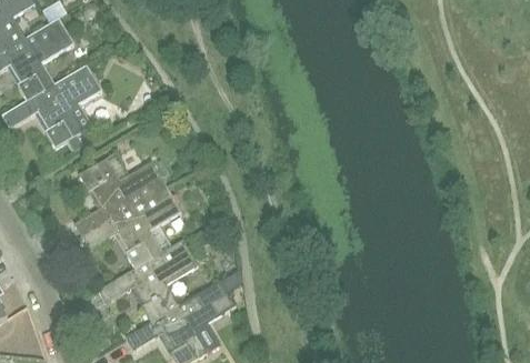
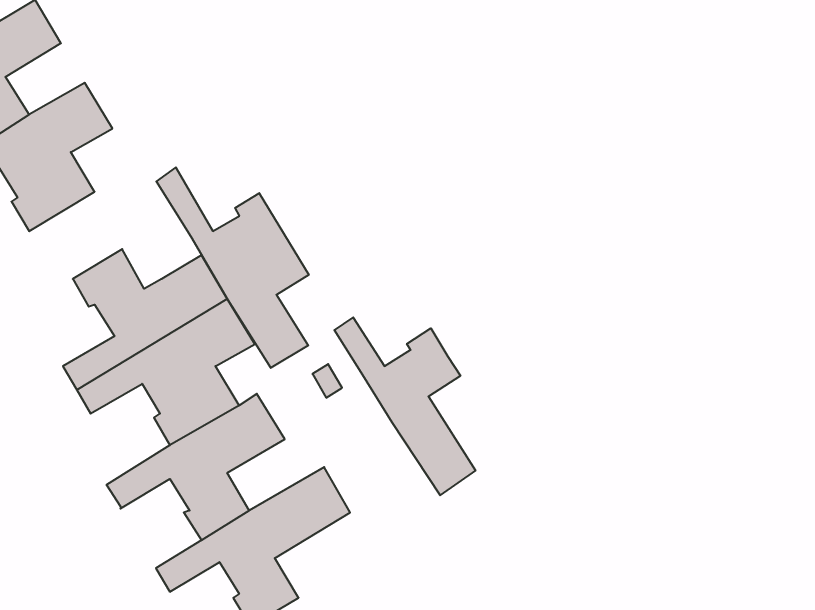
building: none -> [156,167,309,368]
building: none -> [334,317,475,495]

